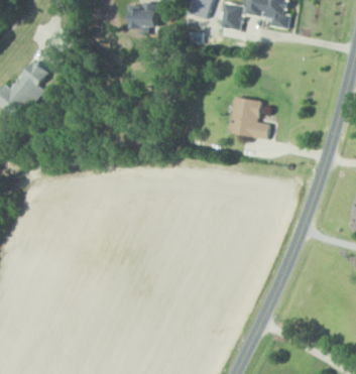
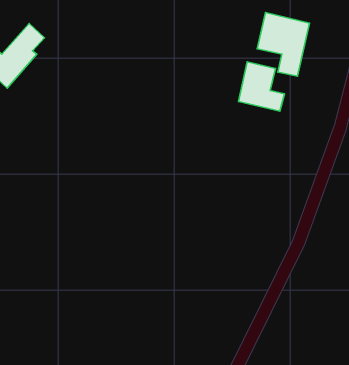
building: none -> [257,13,309,76]

